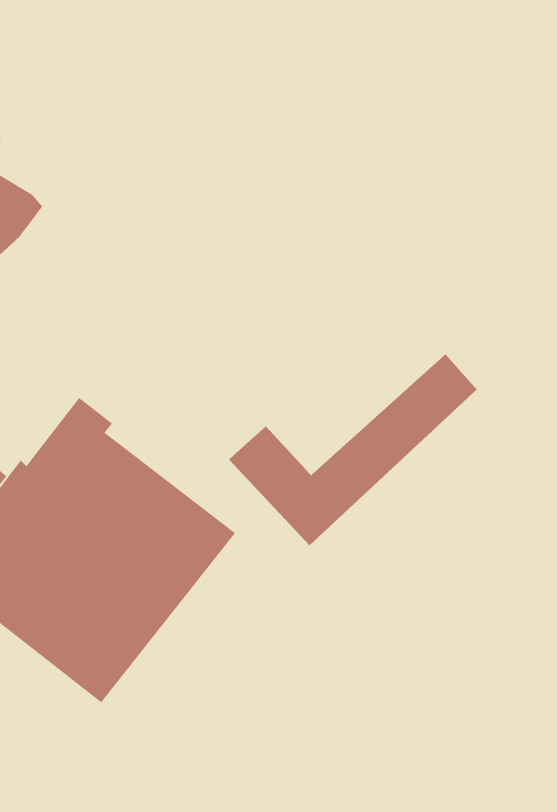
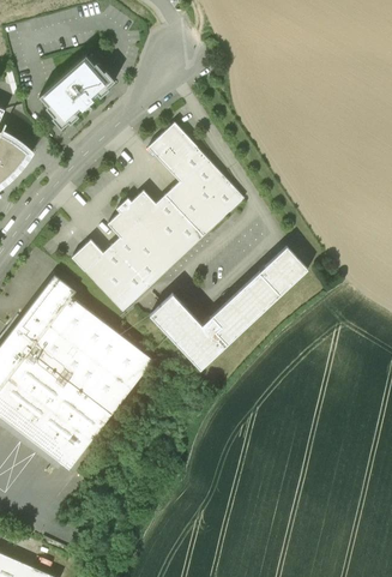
building: none -> [38,55,115,128]
building: none -> [71,122,243,311]

